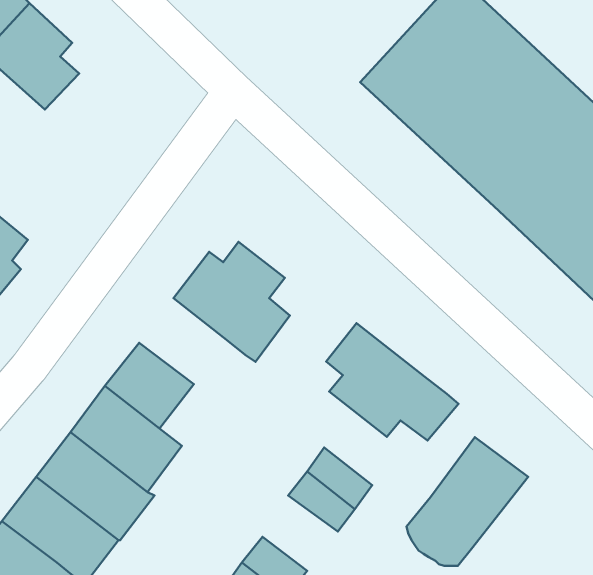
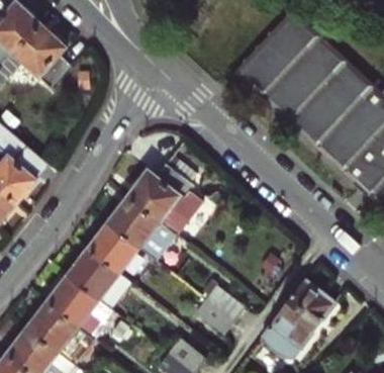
building: none -> [106,196,169,255]
building: [326,323,458,441] -> none

